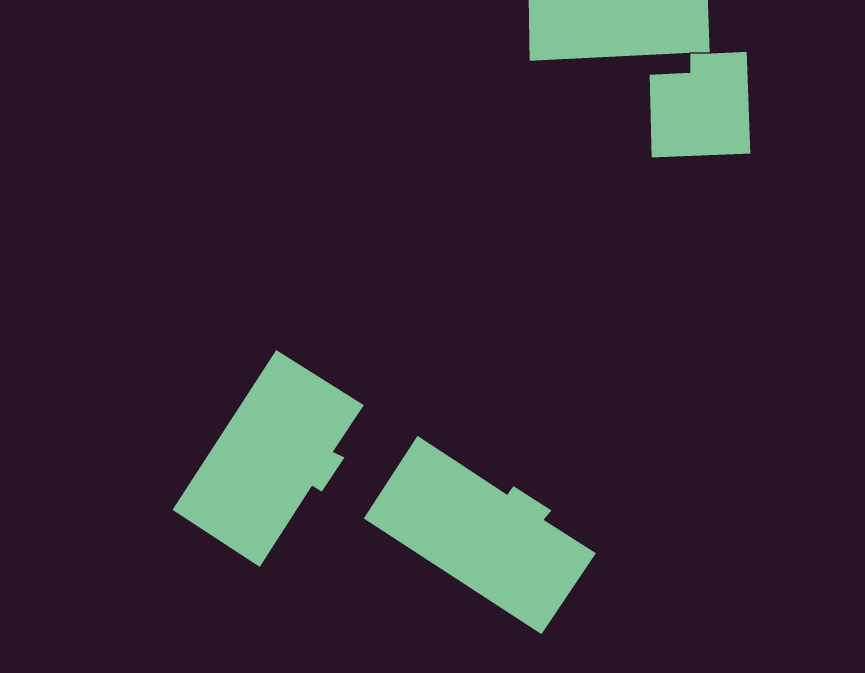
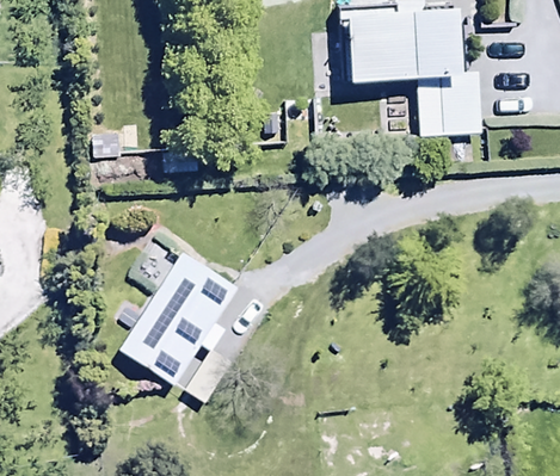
building: [363,435,597,635] -> none

